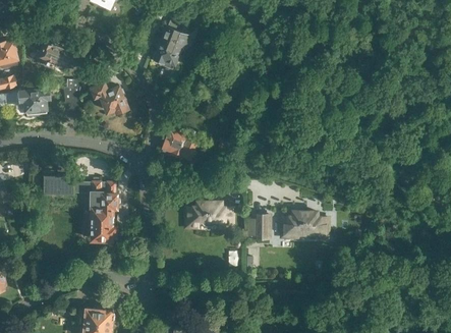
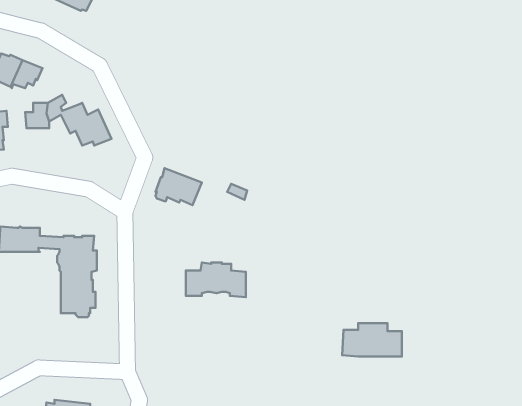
building: [154,19,190,69] -> none
building: [282,213,328,238] -> [342,323,402,356]
building: [252,214,271,240] -> none

